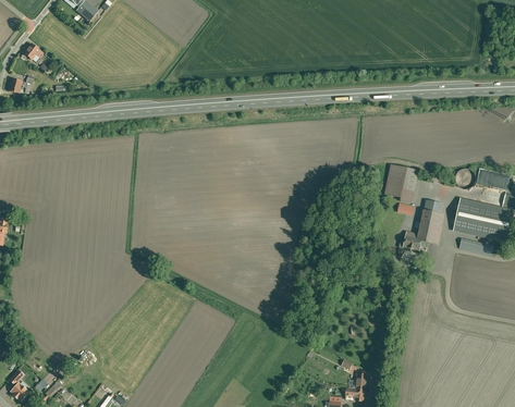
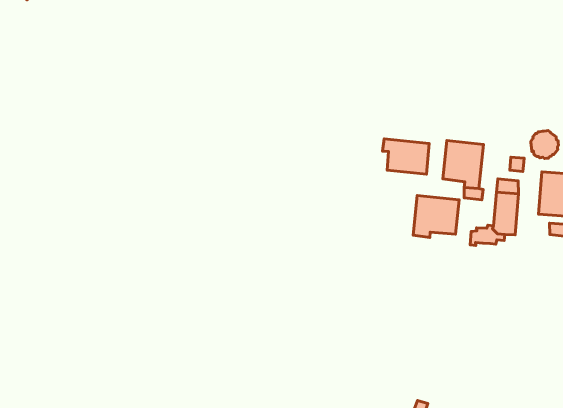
building: none -> [382,139,429,174]
building: none -> [413,196,459,237]

